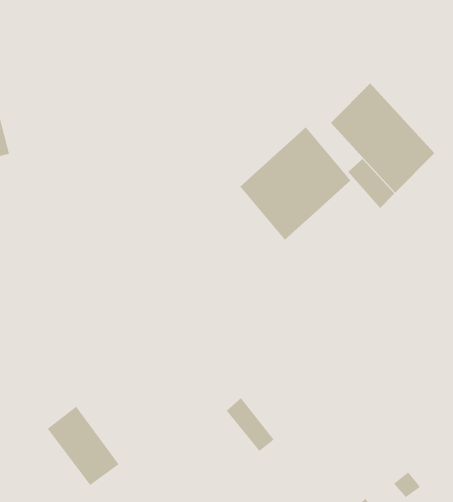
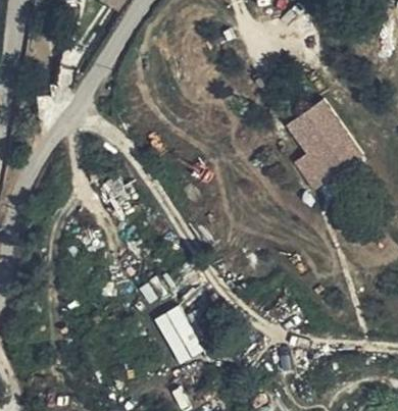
building: [240,127,351,240] -> none
building: [47,406,120,486] -> [154,307,202,365]

